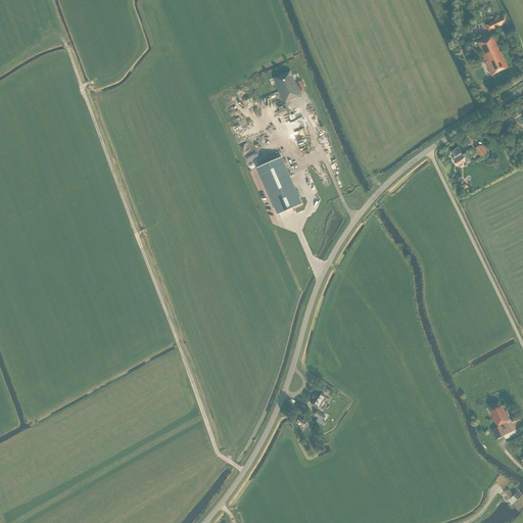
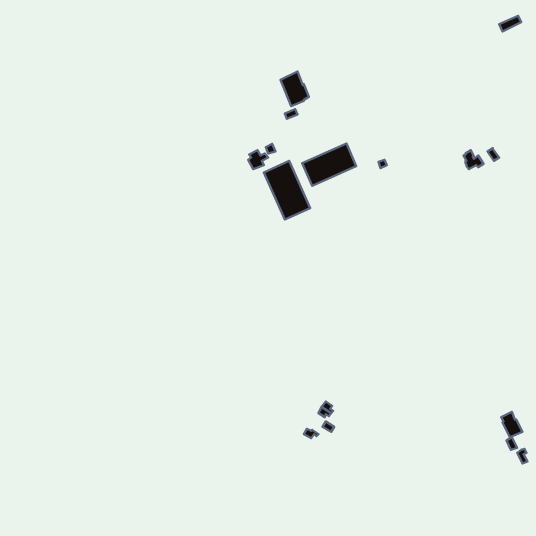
building: [475,34,508,75] -> none
building: none -> [302,143,356,186]

